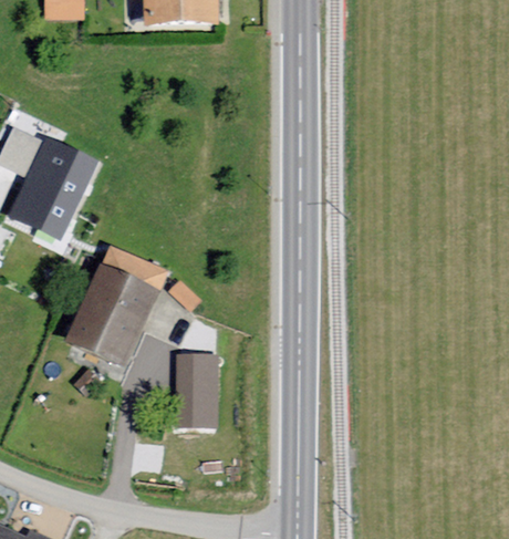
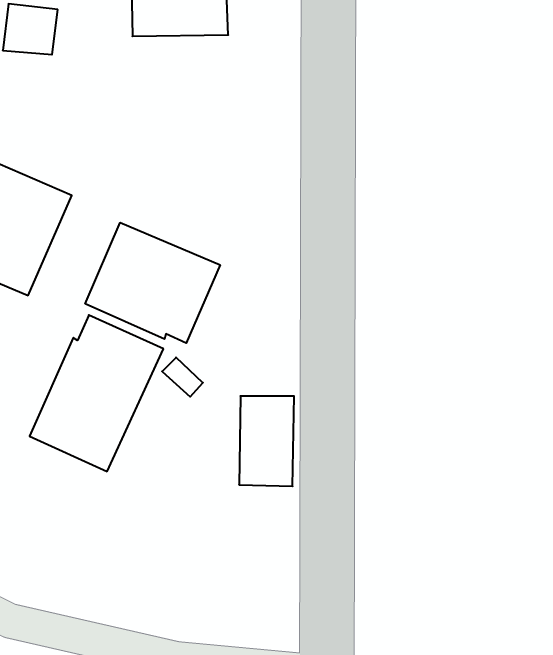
building: none -> [85,223,220,343]
building: [174,351,217,422] -> [239,396,294,486]

